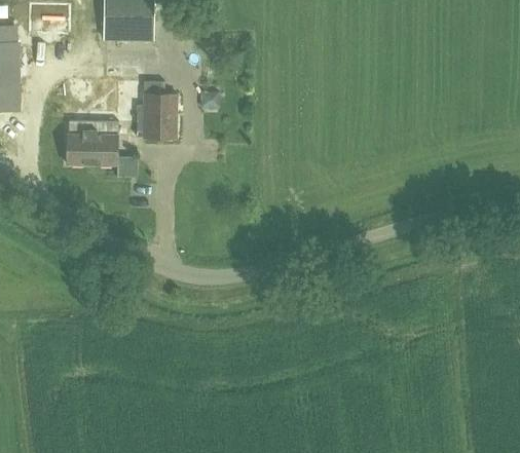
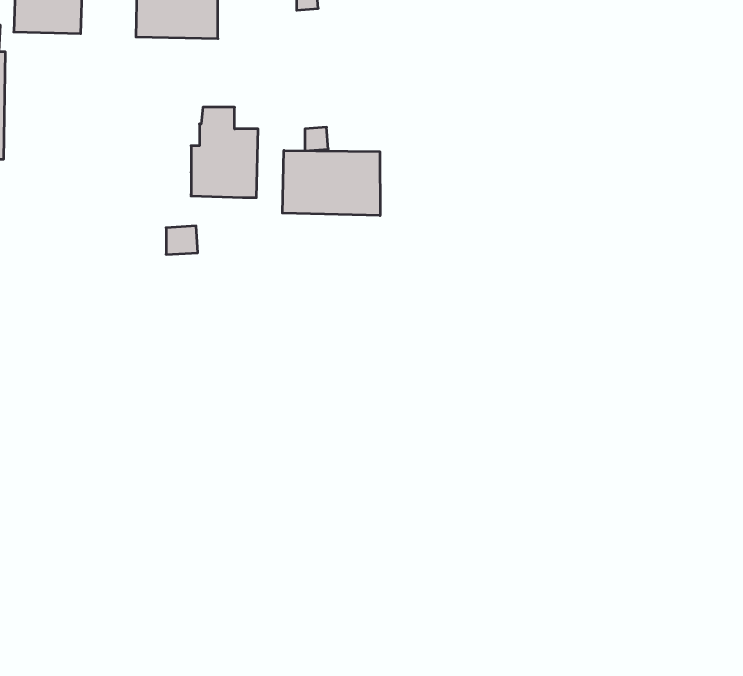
building: none -> [282,150,380,216]
building: [66,122,136,164] -> none

